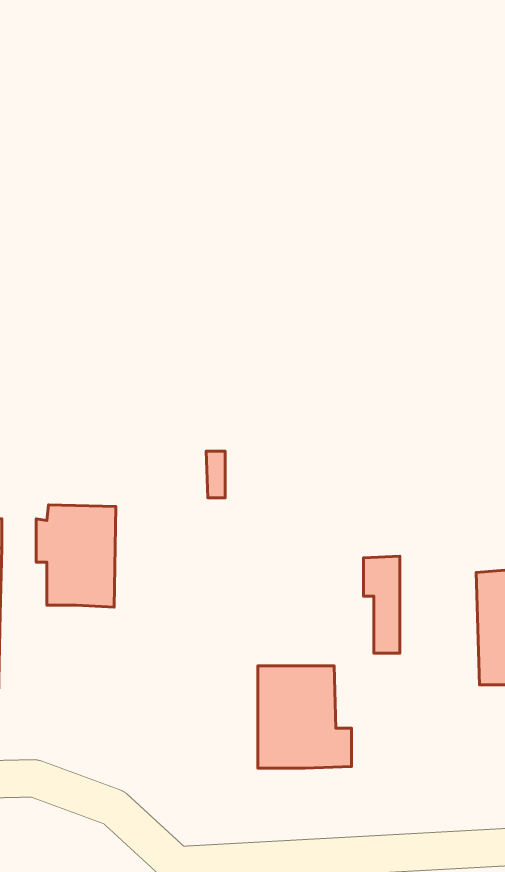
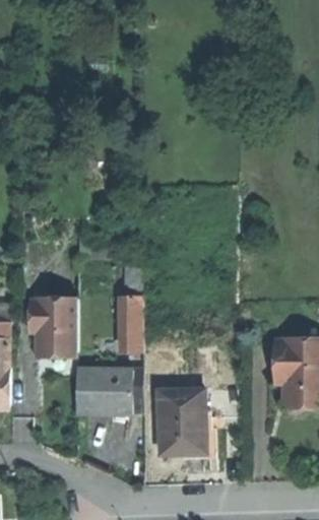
building: [363,556,400,653] -> [120,296,141,352]
building: none -> [74,369,142,414]

